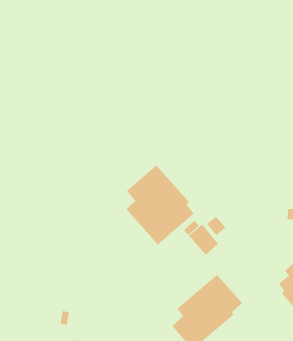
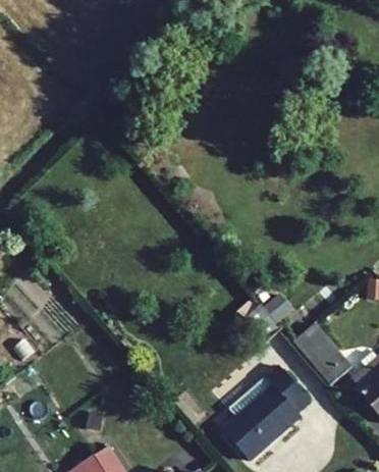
building: [126,164,195,245] -> none
building: none -> [292,324,351,385]

